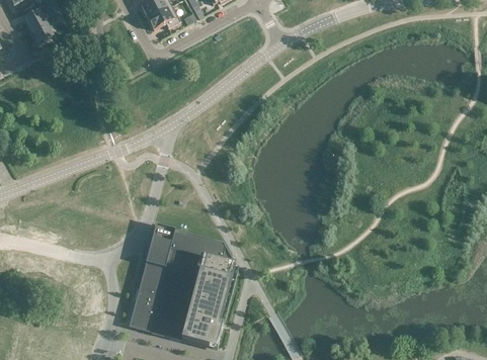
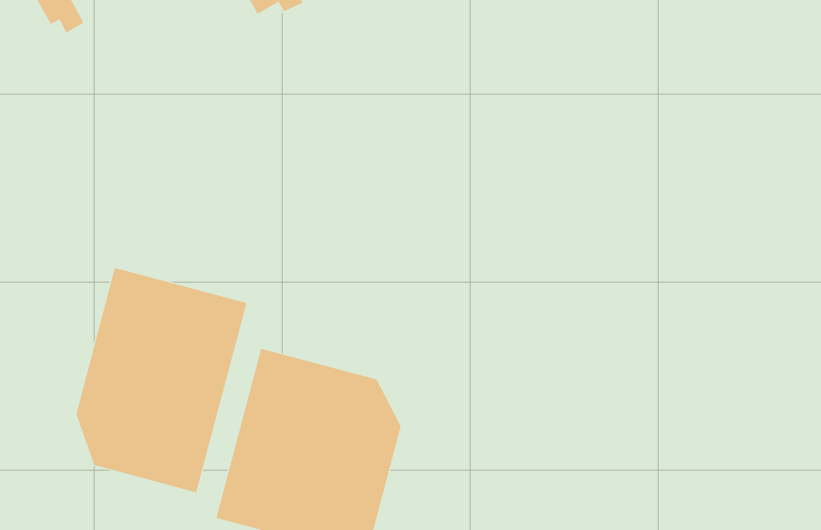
building: none -> [76,267,247,493]

